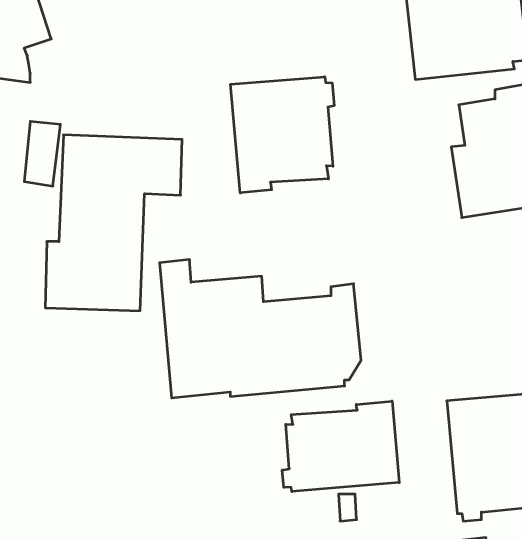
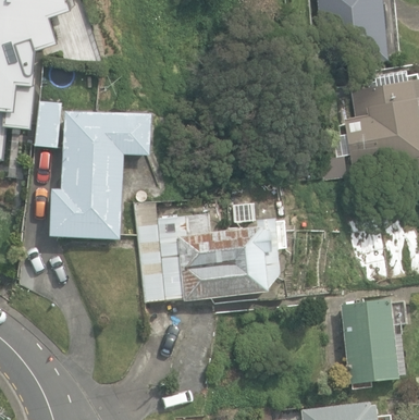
building: [231,77,334,193] -> none
building: [282,401,399,492] -> none

